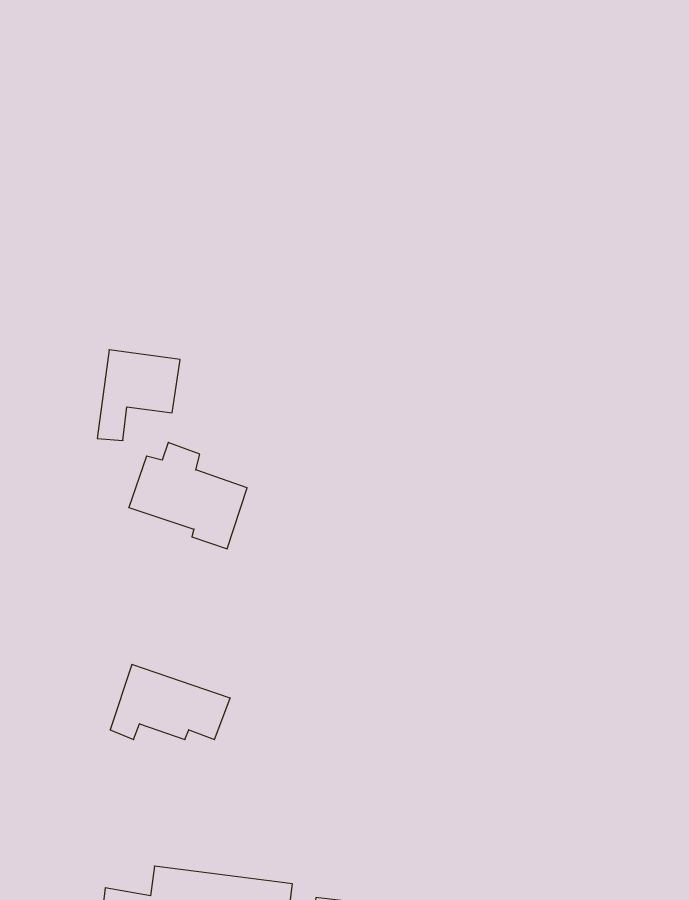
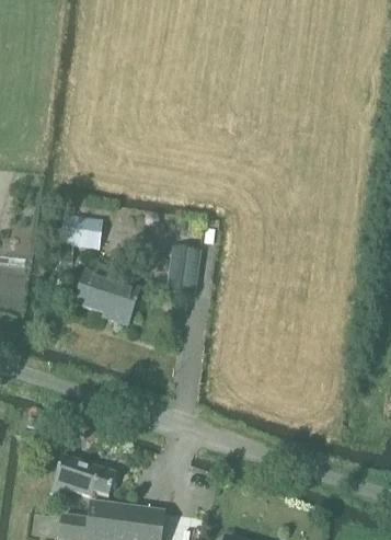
building: none -> [169,245,200,291]
building: [110,665,230,740] -> [50,455,117,496]

